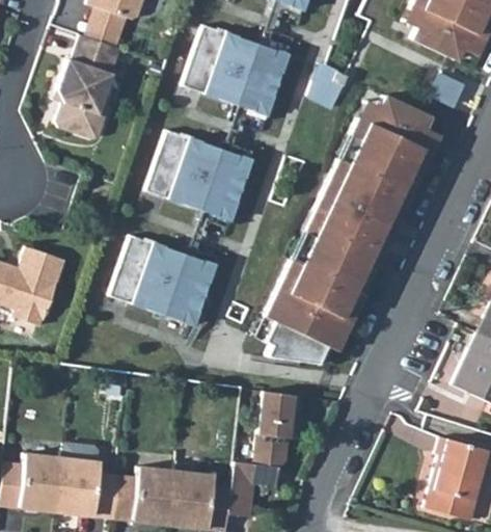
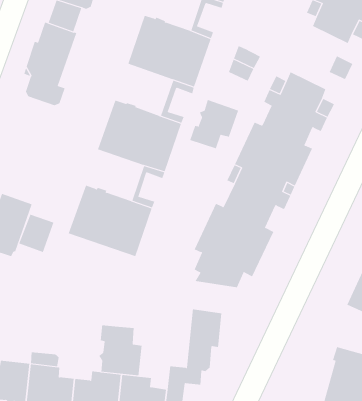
building: none -> [189,99,239,149]
building: none -> [19,214,54,253]
building: none -> [99,324,142,376]

